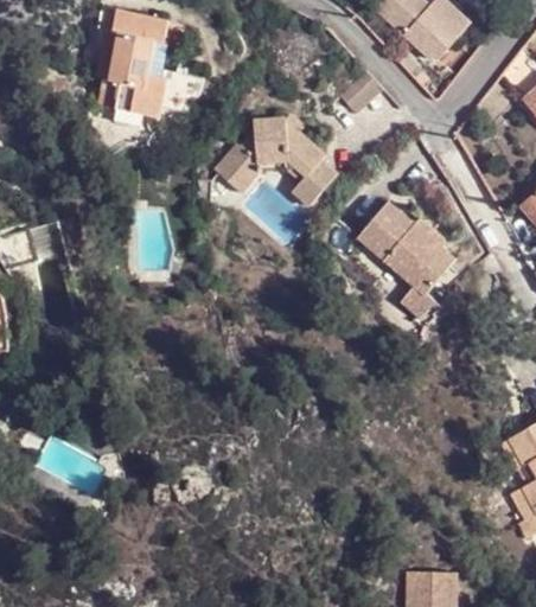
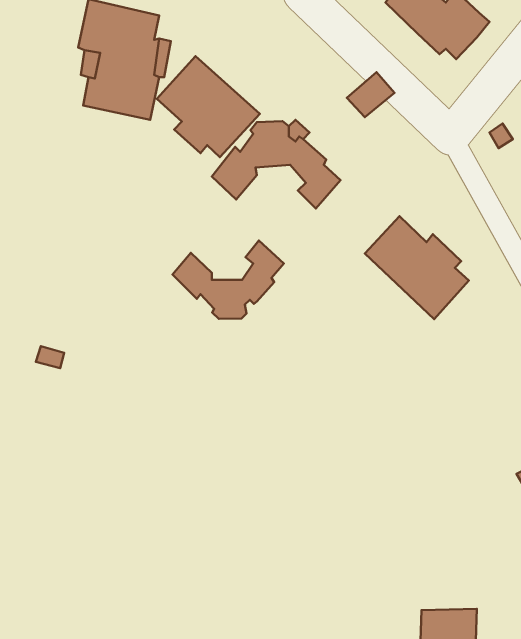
building: none -> [157,56,260,157]
building: none -> [173,240,284,319]

